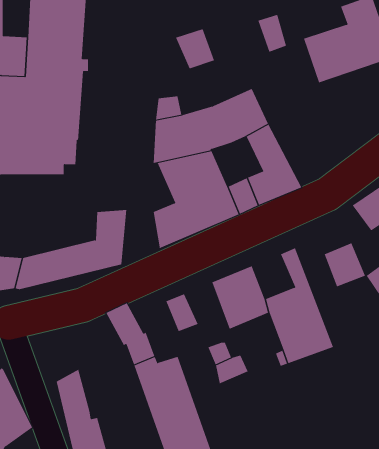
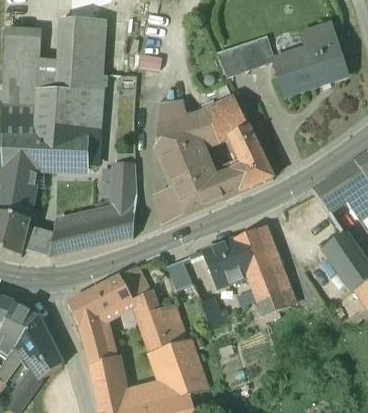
building: [175,28,215,69] -> [216,45,247,77]
building: none -> [112,162,136,195]
building: [324,243,366,287] -> [234,228,267,263]
building: none -> [67,274,133,328]

